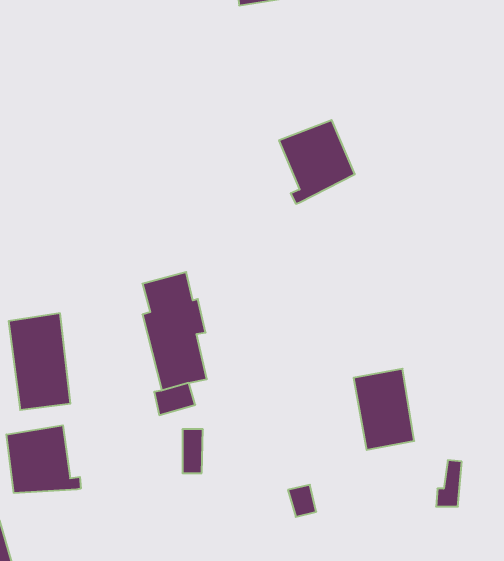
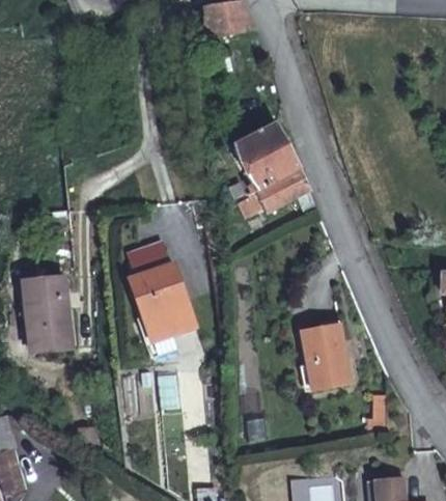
building: none -> [255,166,310,210]
building: [6,425,81,493] -> none

